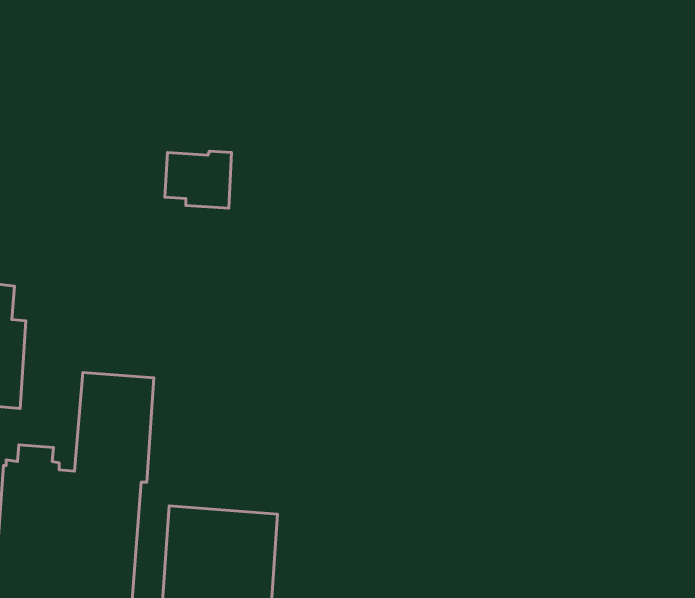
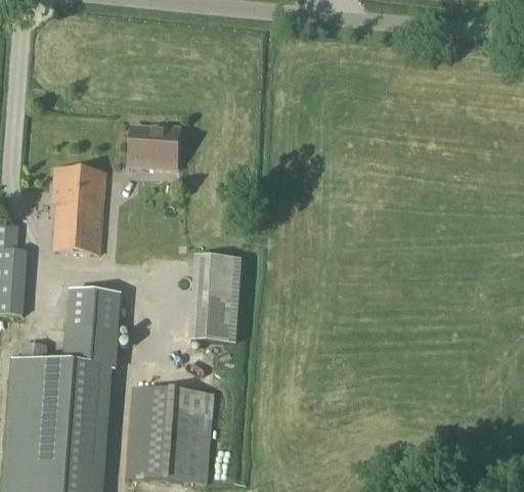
building: none -> [51,168,104,253]
building: none -> [190,256,241,342]

